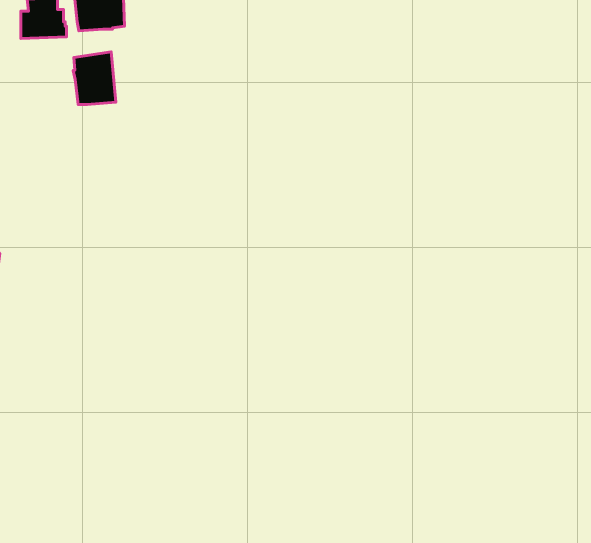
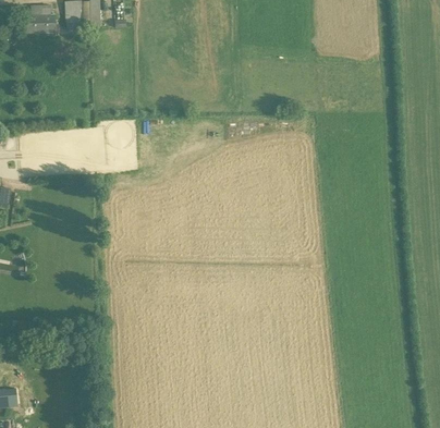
building: [73,52,116,105] -> none

